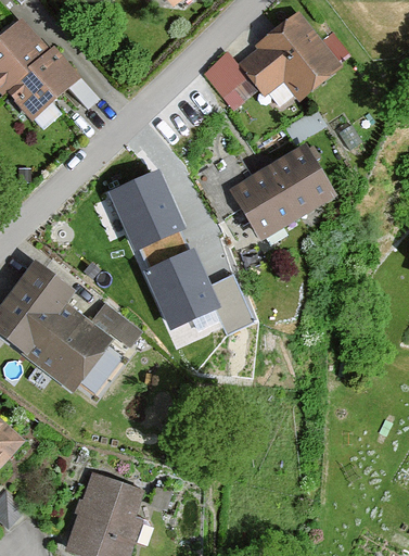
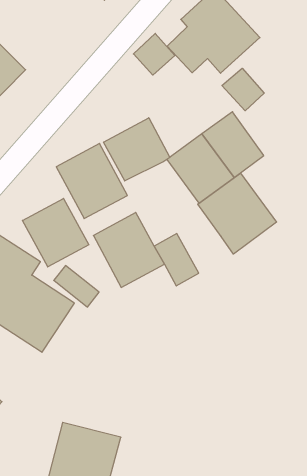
building: none -> [222,68,264,111]
building: none -> [104,118,170,181]
building: none -> [198,173,277,254]
building: none -> [22,198,89,267]

